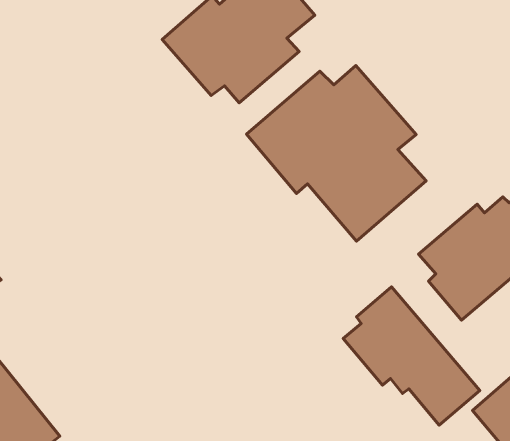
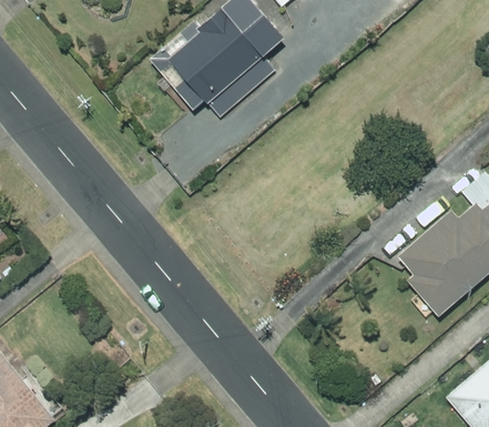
building: [246,66,426,241] -> none
building: [343,287,480,425] -> none

